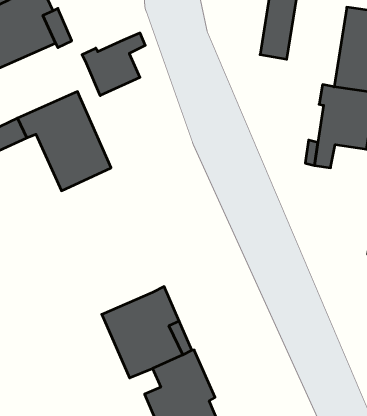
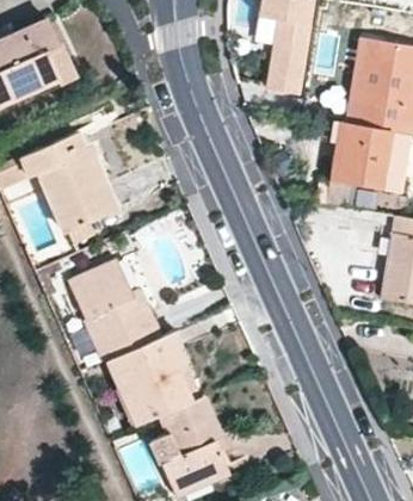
building: [82,33,145,96] -> none
building: none -> [70,261,160,361]

